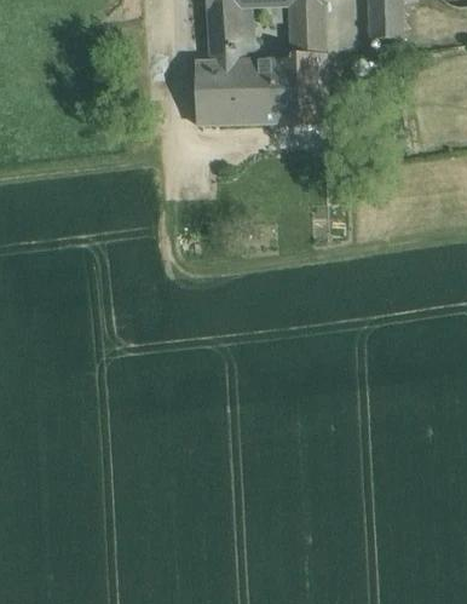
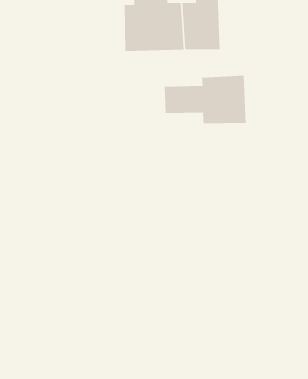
building: none -> [164,75,246,124]

